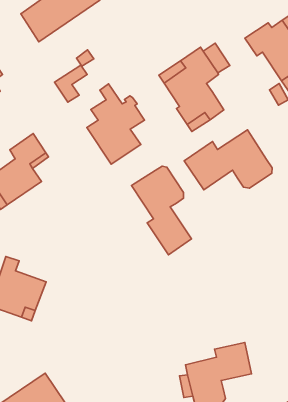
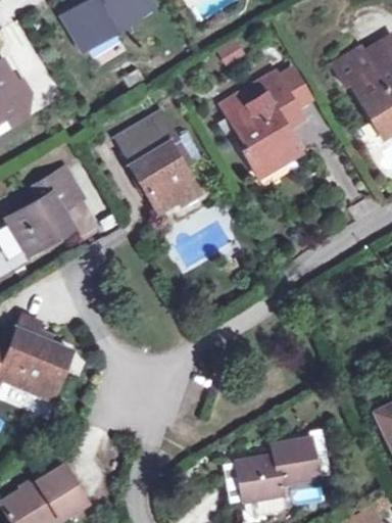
building: [54,65,87,102] -> [116,118,157,163]
building: [184,130,272,190] -> none
building: [132,166,192,255] -> none

